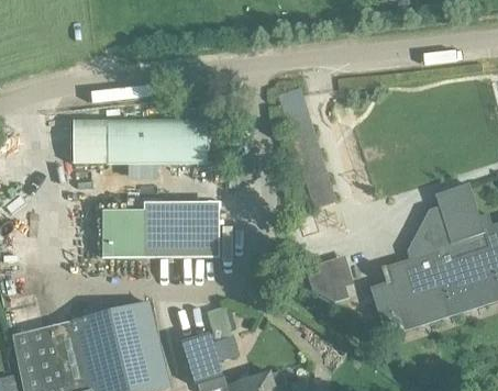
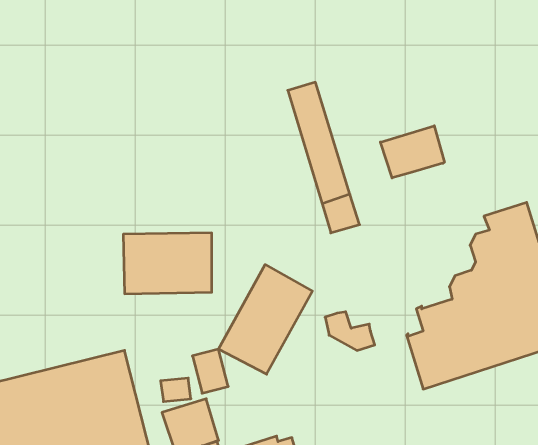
building: [74,120,207,163] -> none
building: none -> [380,126,444,178]
building: [104,210,150,258] -> none
building: none -> [219,265,312,374]

